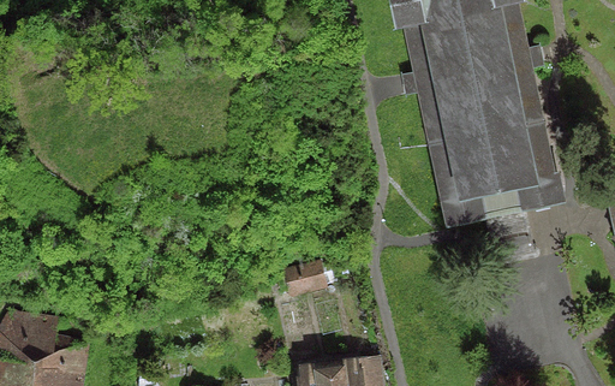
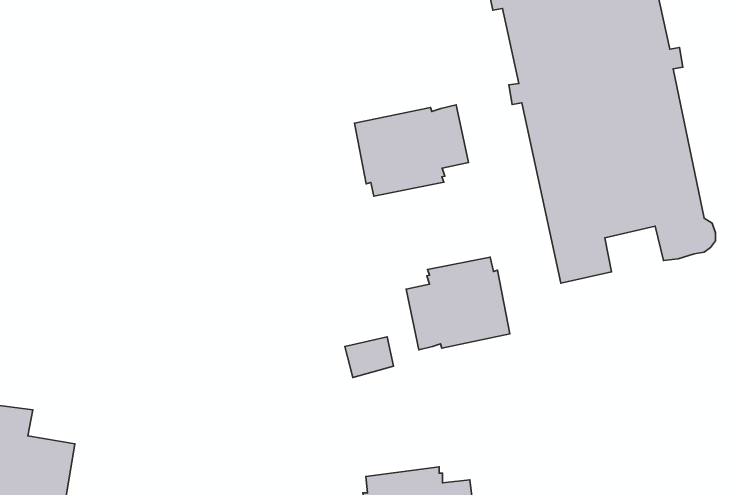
building: none -> [355,105,468,196]
building: none -> [406,257,510,350]

